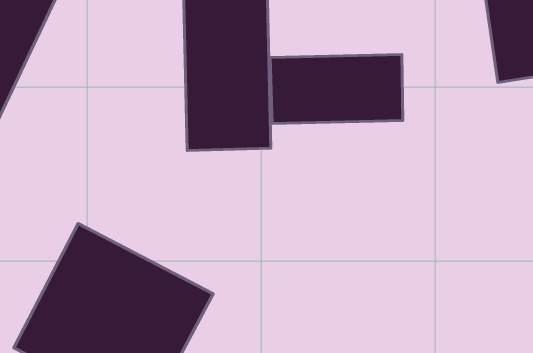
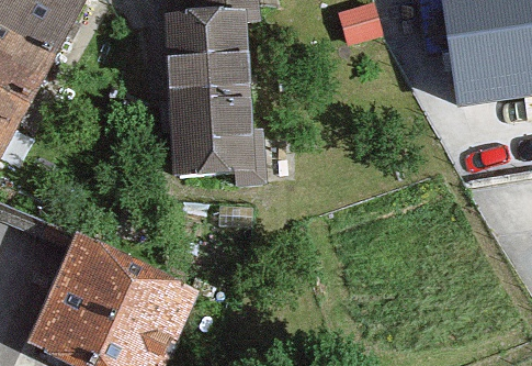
building: [270,55,403,123] -> none

